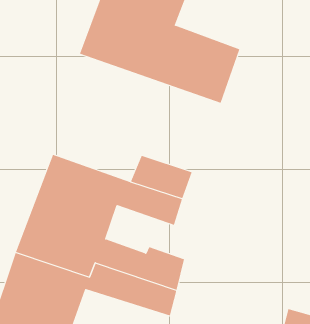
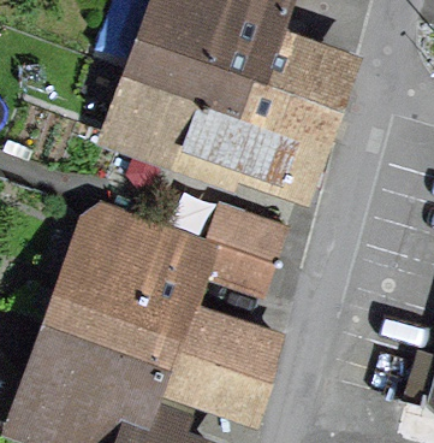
building: none -> [124,73,319,183]

